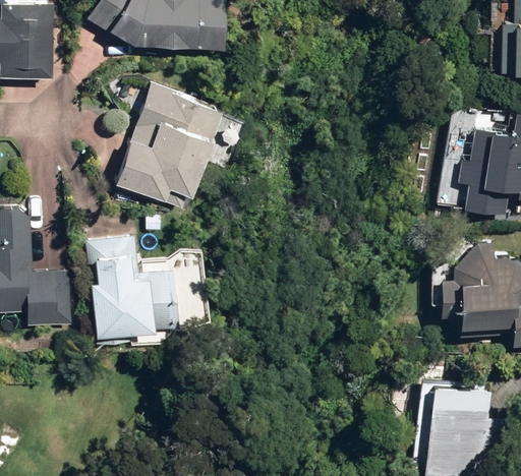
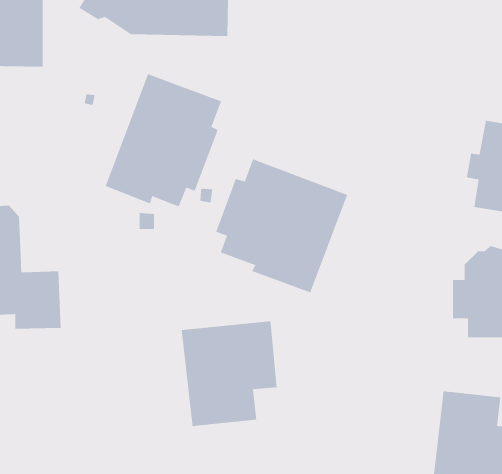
building: none -> [215,158,348,293]
building: [84,238,181,346] -> none
building: none -> [181,320,277,427]

